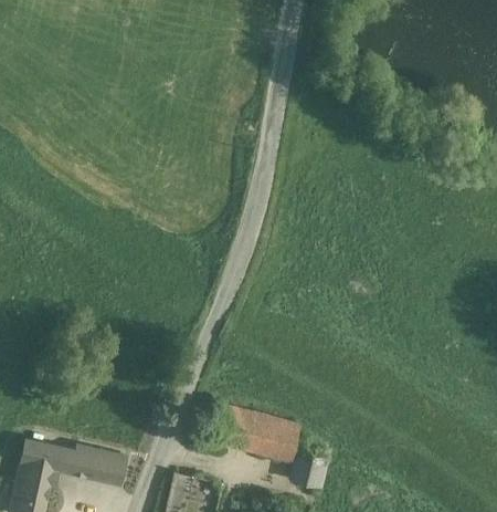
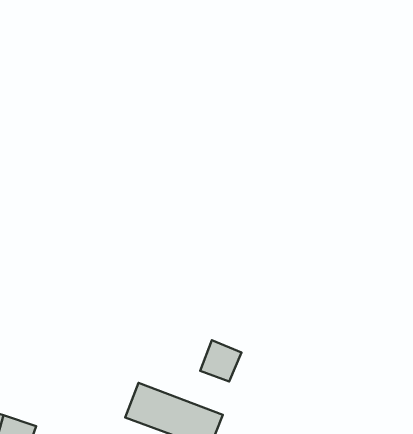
building: none -> [200,340,241,381]

